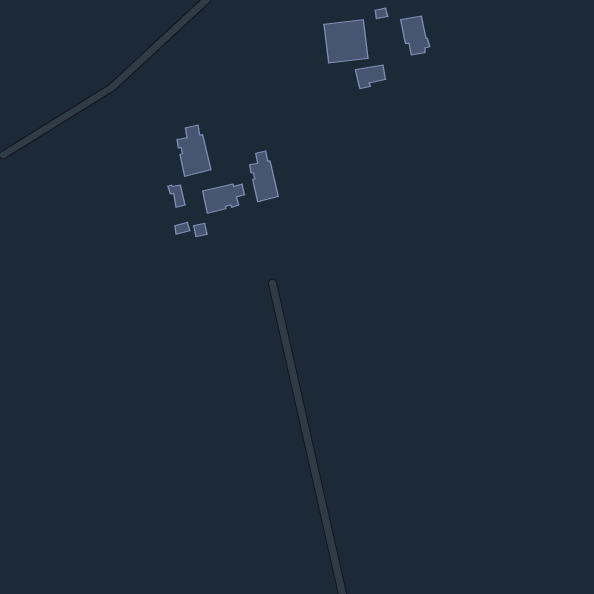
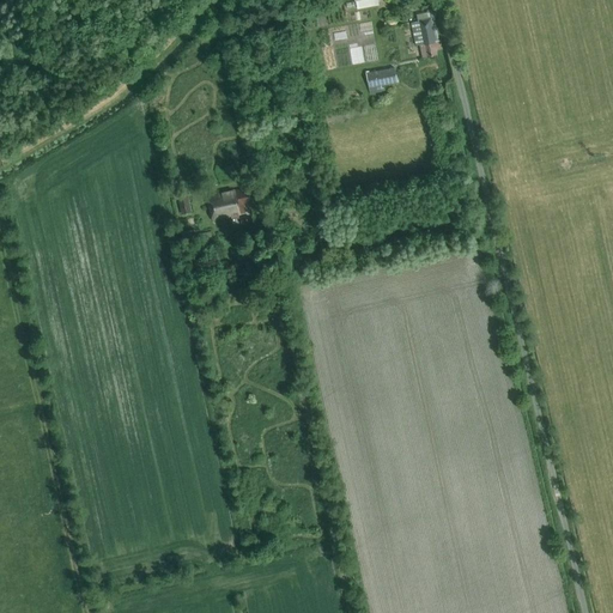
building: [177,125,211,176] -> none
building: [250,151,278,202] -> none

